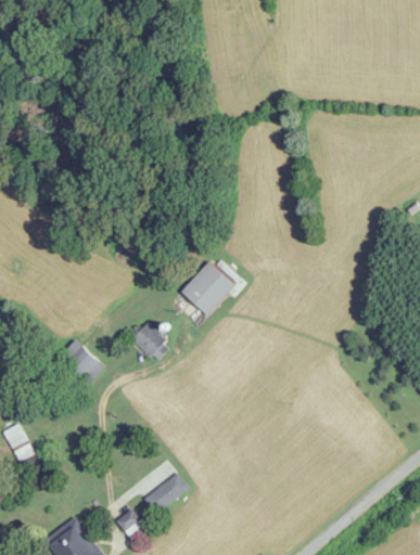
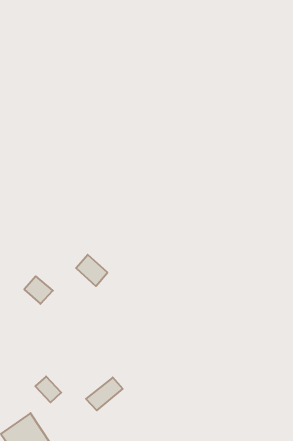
building: [181,262,234,315] -> none
building: [117,509,149,541] -> [35,376,61,402]

